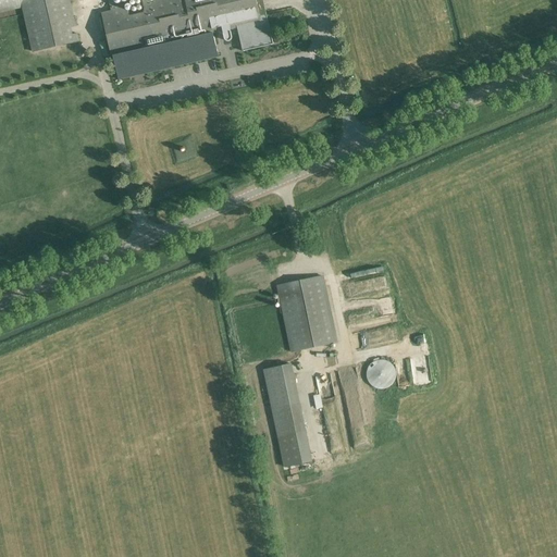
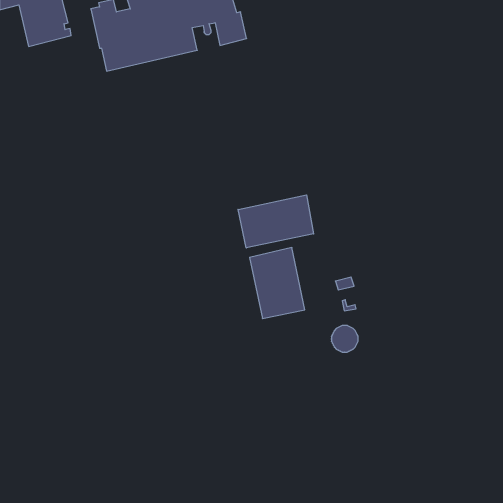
building: none -> [238,195,314,248]
building: [262,362,311,467] -> none

